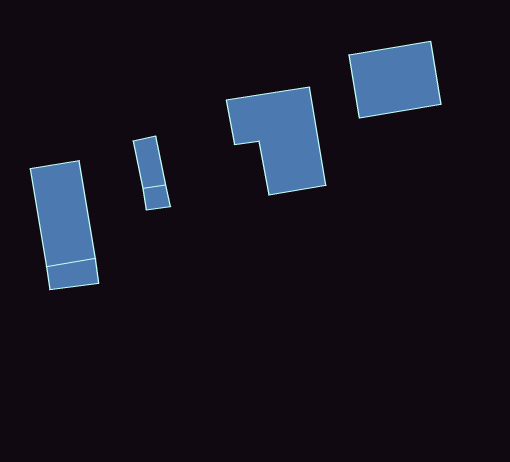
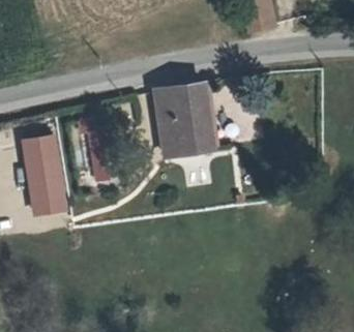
building: [349,41,441,118] -> none

